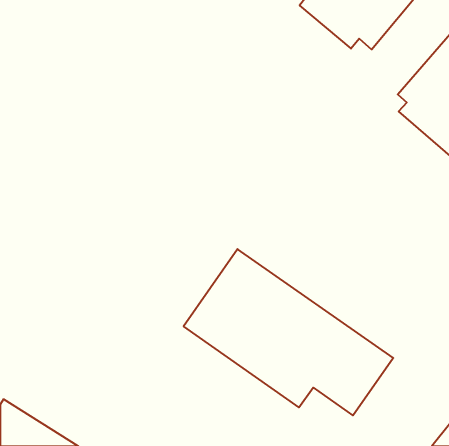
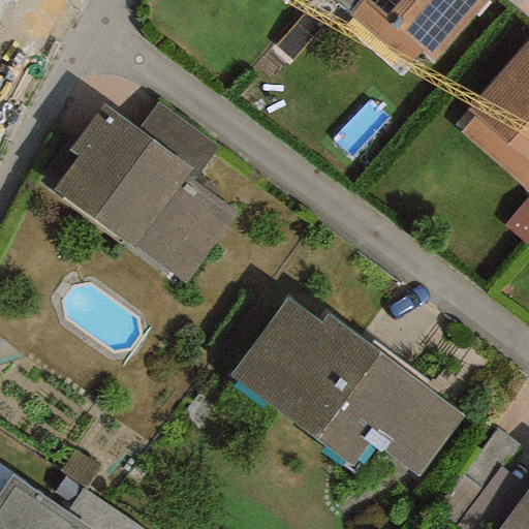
building: none -> [55,106,253,288]

